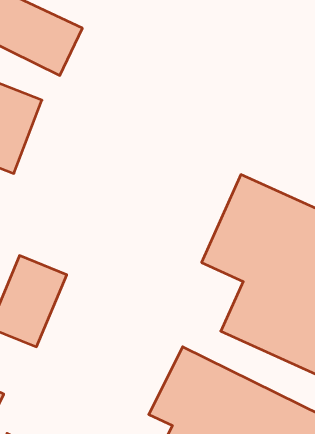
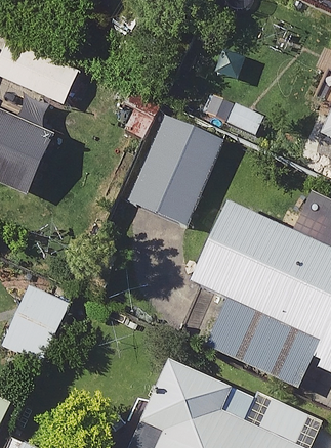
building: none -> [127,114,220,219]

